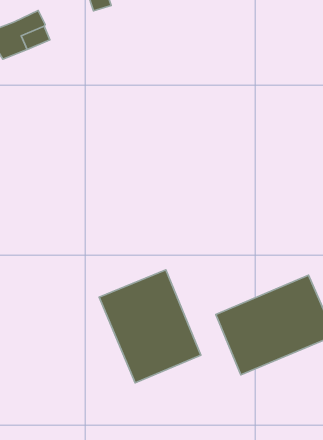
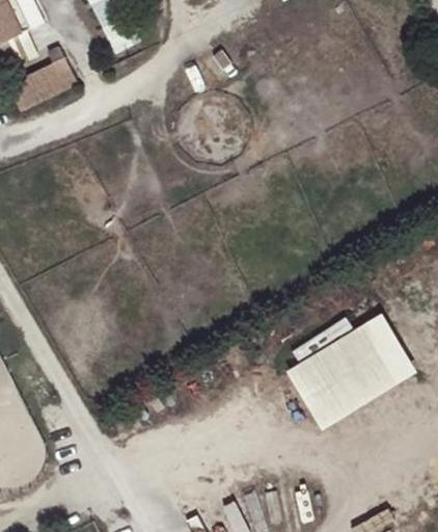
building: [99,270,201,383] -> none

